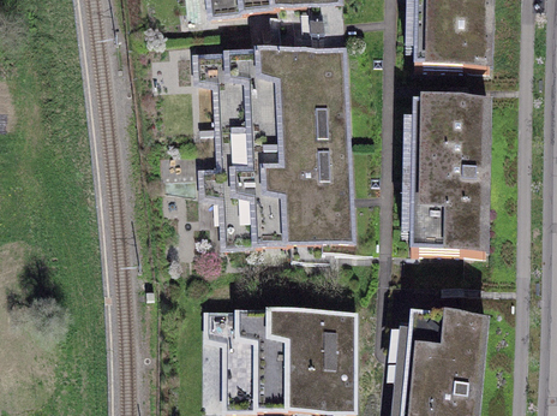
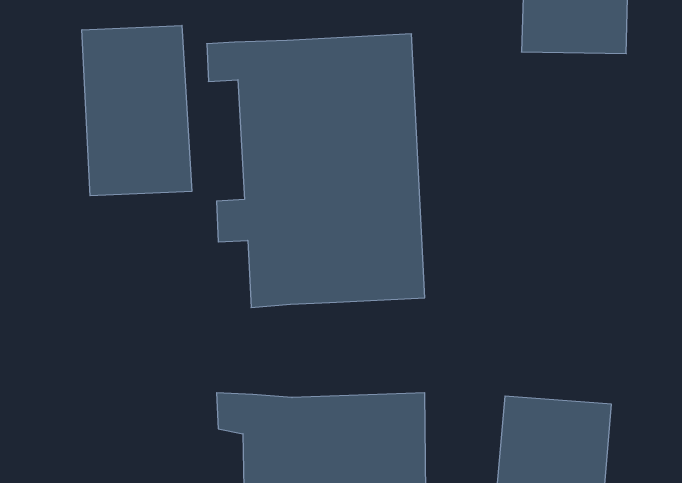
building: none -> [82,25,192,196]
building: [412,96,492,250] -> none

